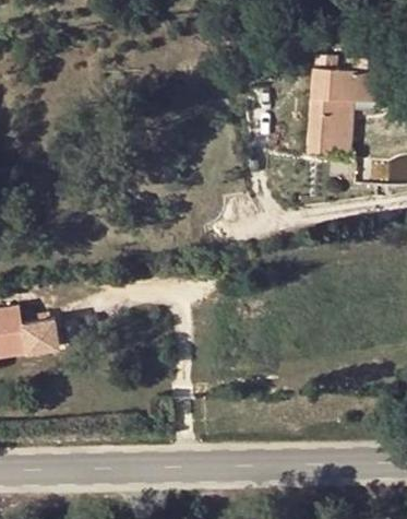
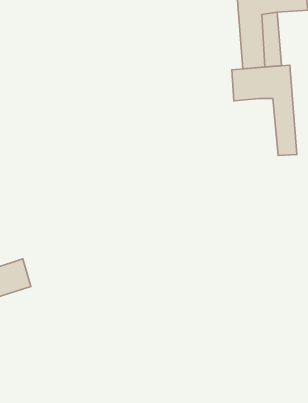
building: none -> [232,65,297,156]

